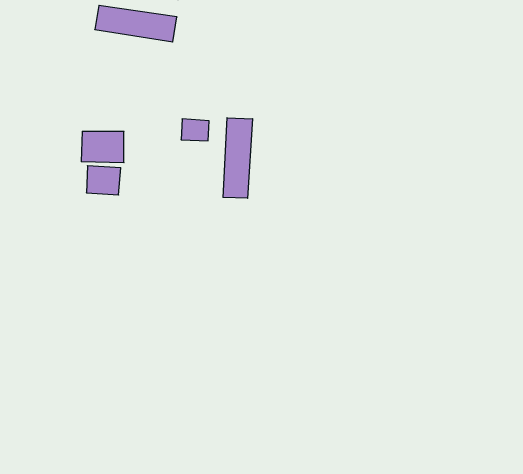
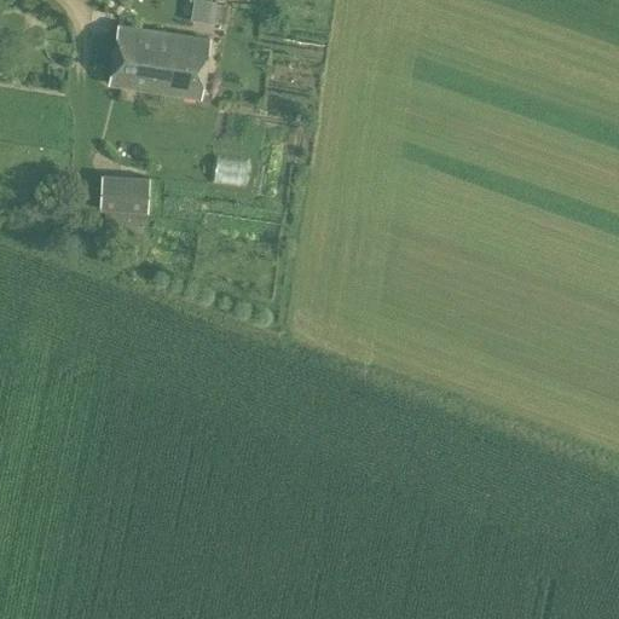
building: none -> [109,53,204,97]
building: [223,118,253,198] -> none

